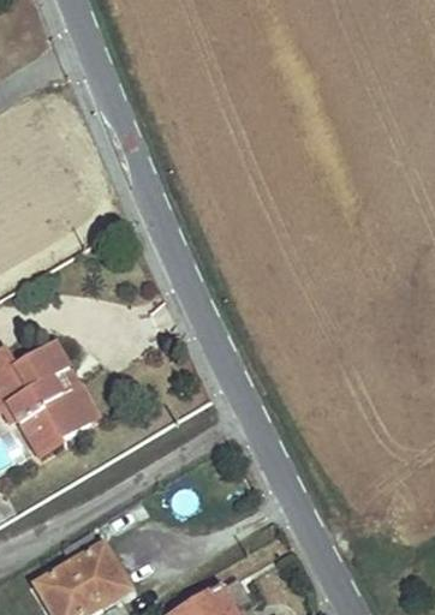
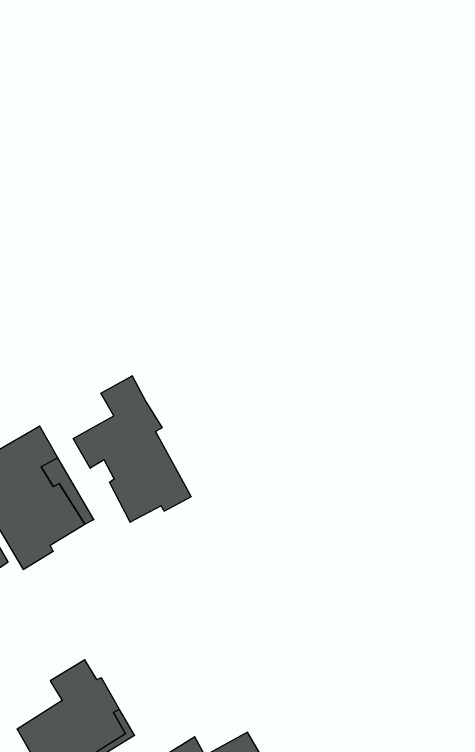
building: none -> [73,376,191,522]

